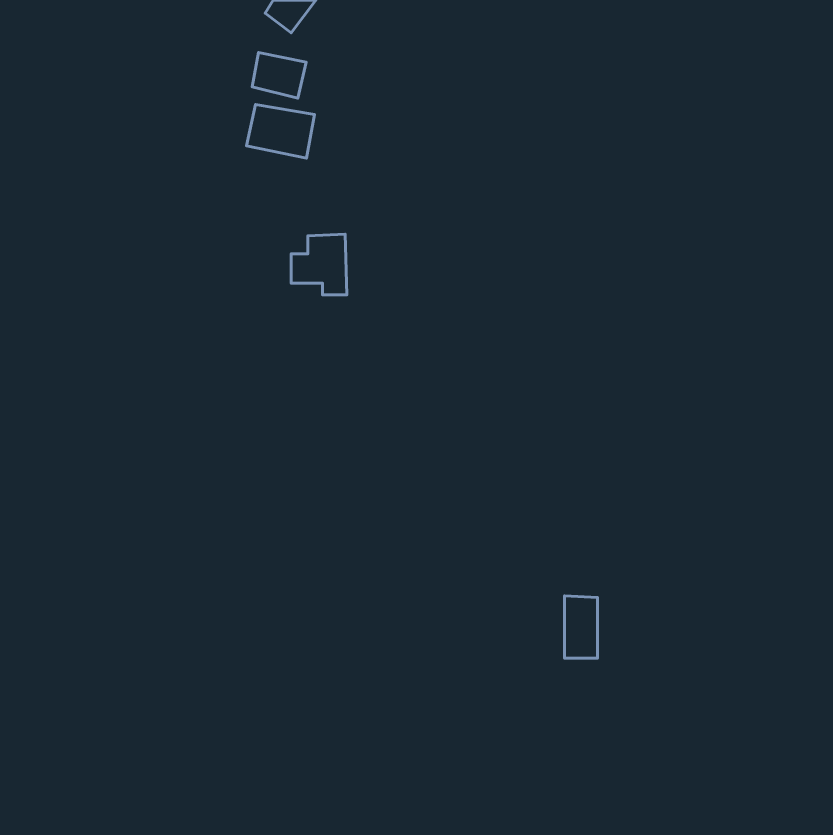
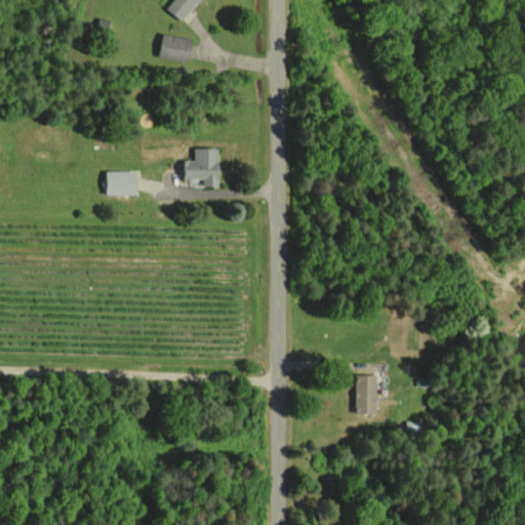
building: [246,105,314,158] -> none
building: none -> [108,171,137,195]

